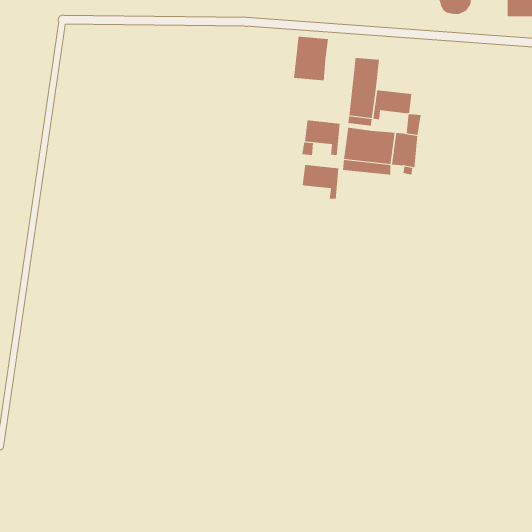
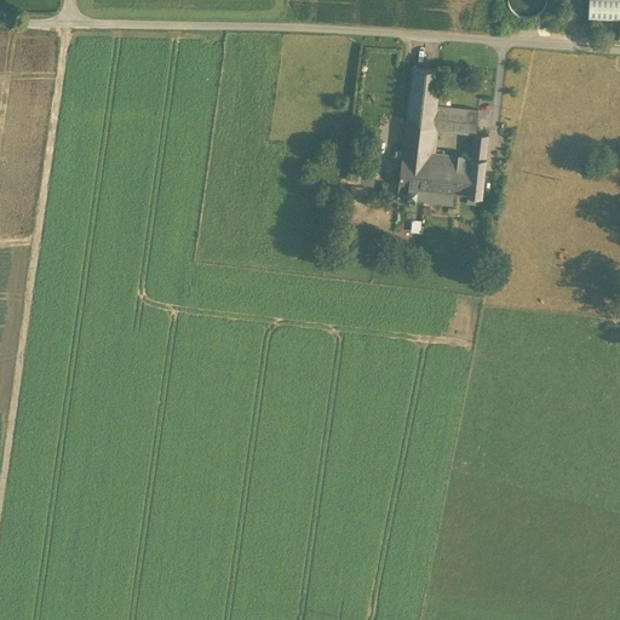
building: [293,36,329,81] -> none
building: [305,120,340,156] -> none
building: [302,164,339,200] -> none

